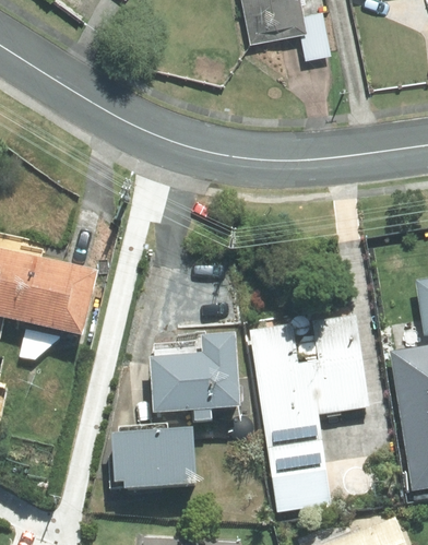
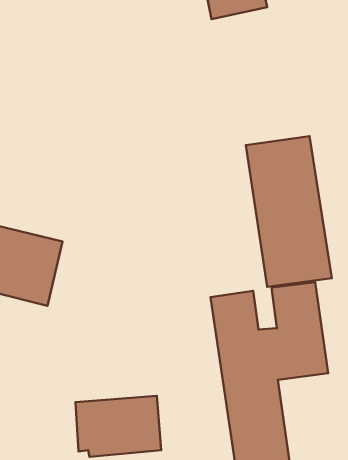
building: none -> [246,136,332,287]
building: [148,333,239,419] -> none

